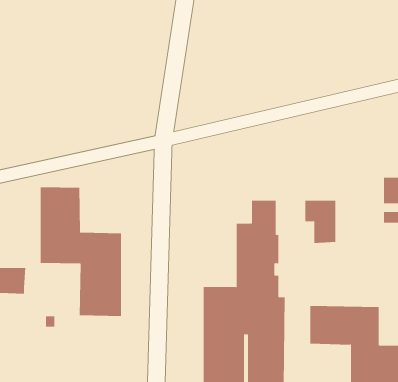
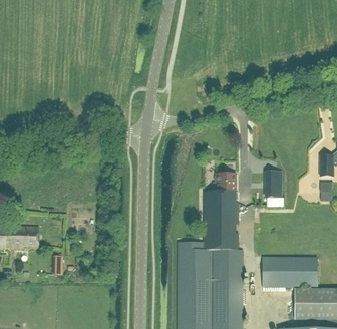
building: [40,186,122,317] -> none

